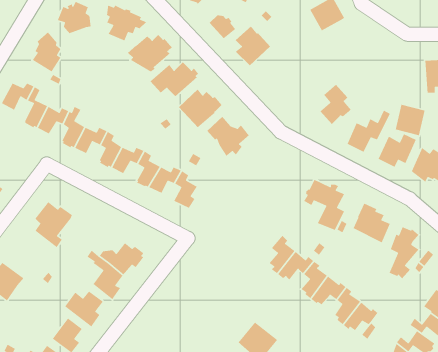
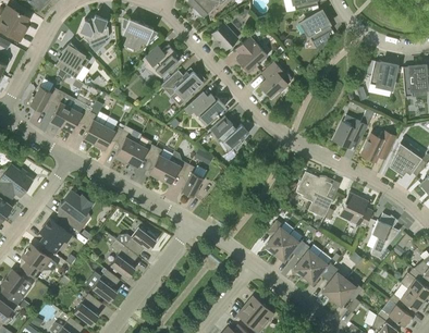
building: [320,84,352,125] -> [259,61,287,97]
building: [395,104,426,136] -> [369,60,396,88]
building: none -> [39,218,66,252]

